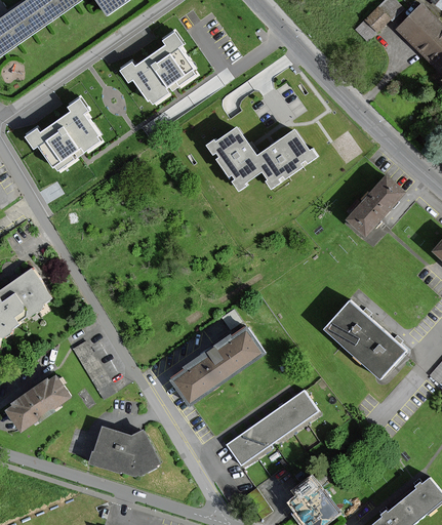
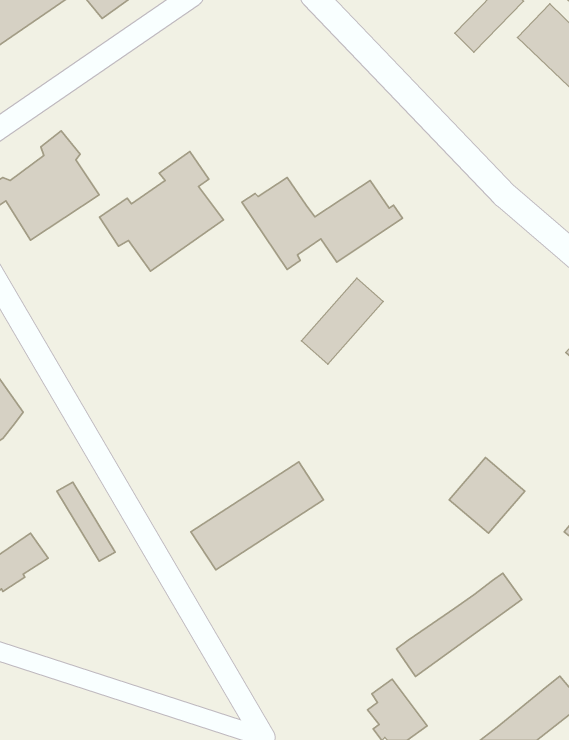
building: [114,23,201,107] -> [99,151,223,271]
building: [347,175,404,236] -> [301,278,383,364]
building: [323,300,376,354] -> none
building: [229,391,317,463] -> [396,573,522,677]
building: [88,426,161,475] -> none

